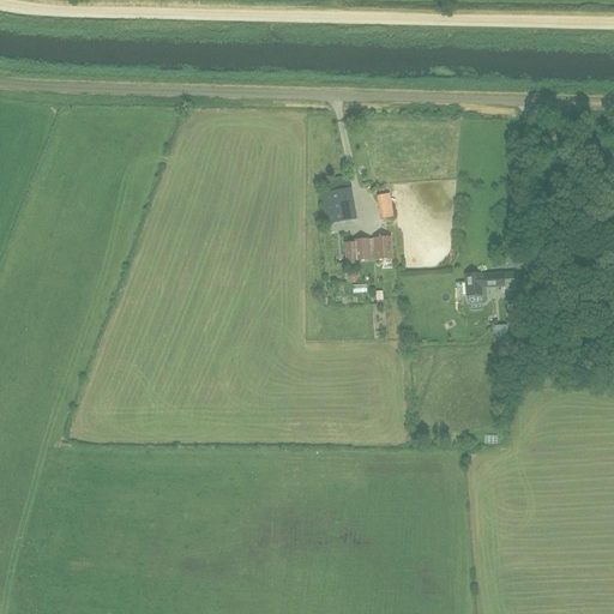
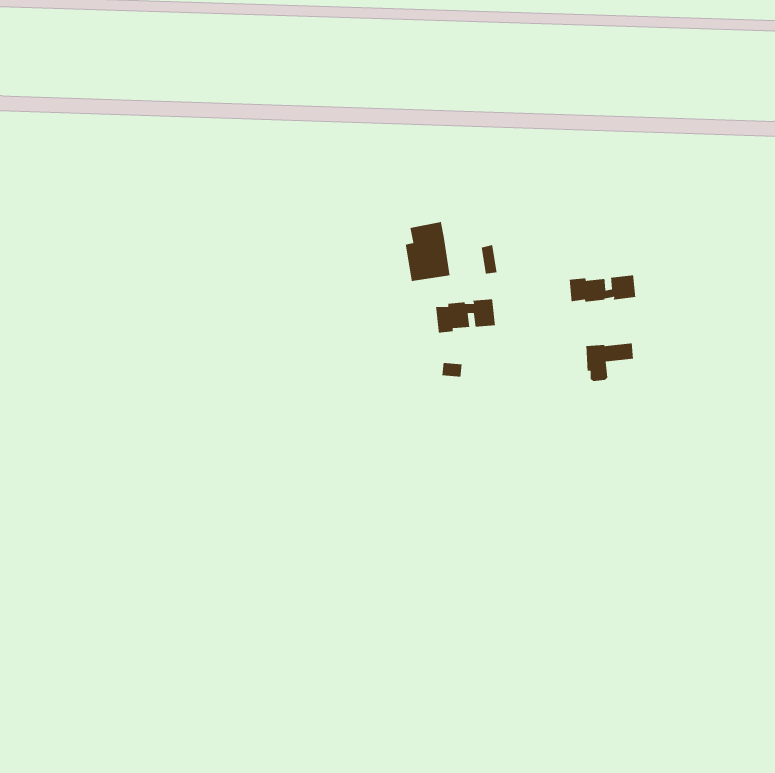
building: none -> [569,274,636,303]

